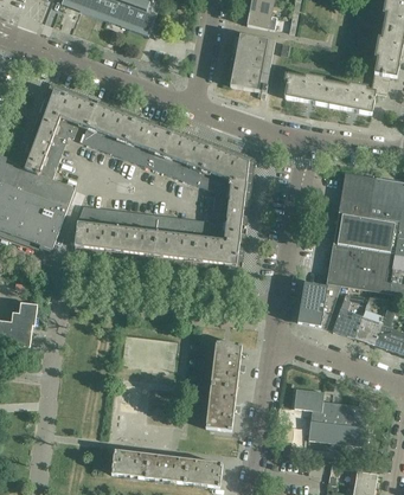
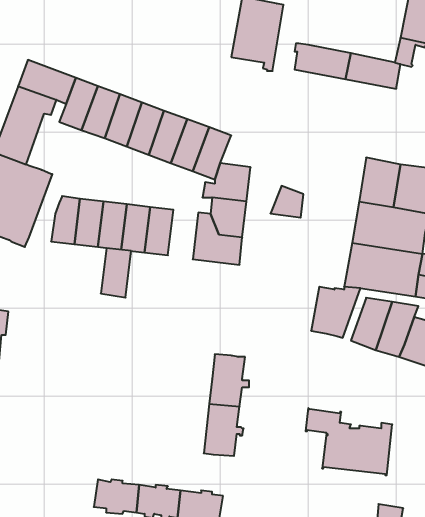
building: [219,154,248,181] -> [270,186,303,218]
building: [174,218,200,261] -> [101,248,131,298]

